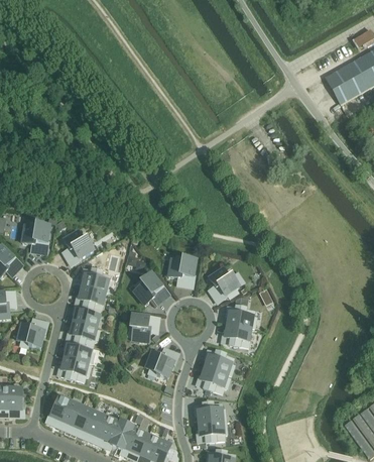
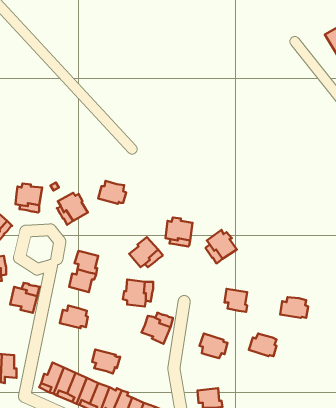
building: [84,270,111,293] -> [98,181,126,204]
building: [228,308,255,328] -> [280,297,308,318]
building: [72,323,99,346] -> none
building: [206,352,233,374] -> [249,333,277,356]
building: [63,358,90,381] -> [92,350,120,373]
building: [199,402,221,424] -> none

